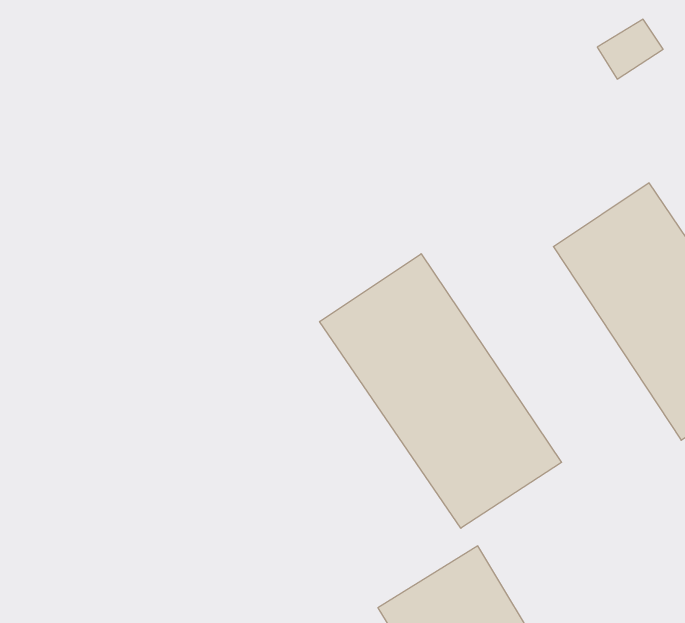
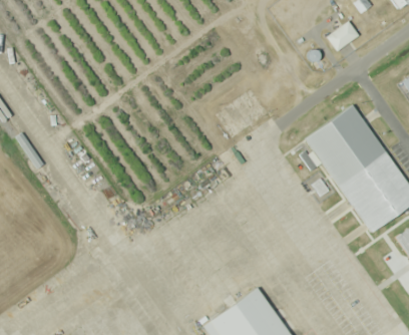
building: [320,254,562,528] -> none

